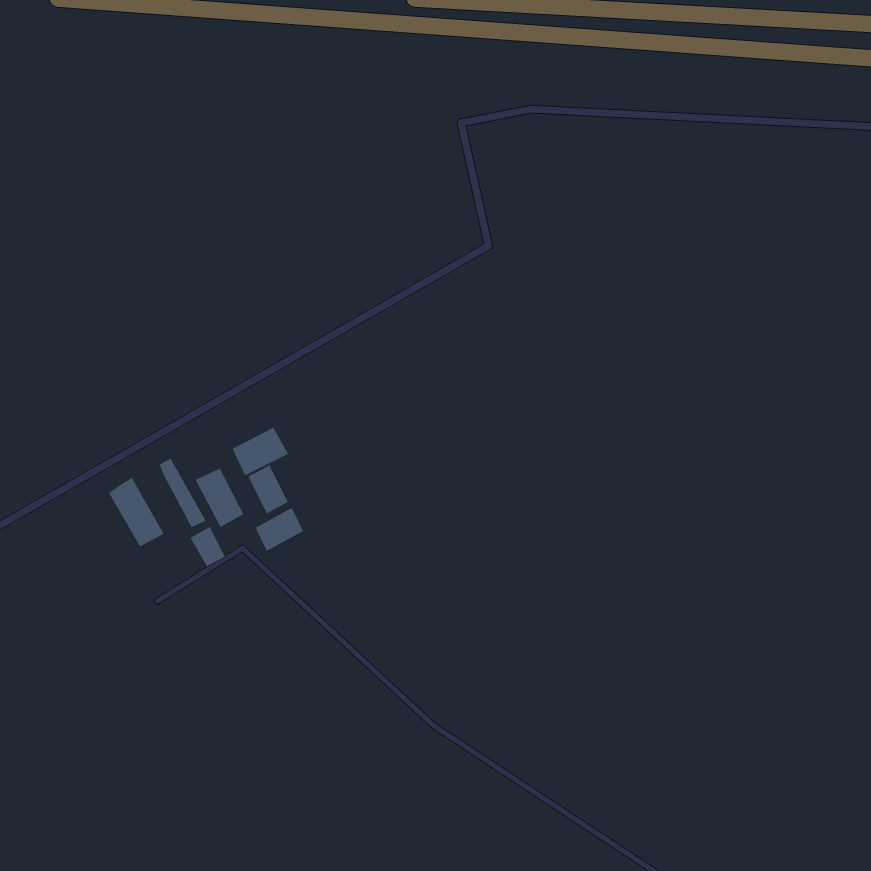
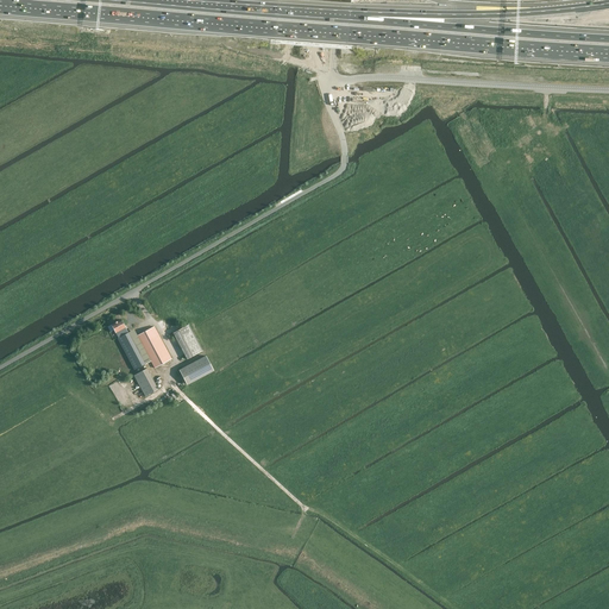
building: [232,427,289,476] -> none
building: [108,477,165,547] -> none

